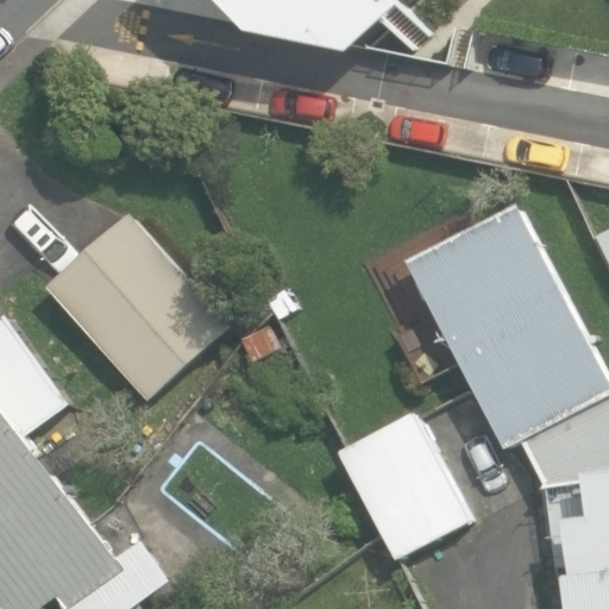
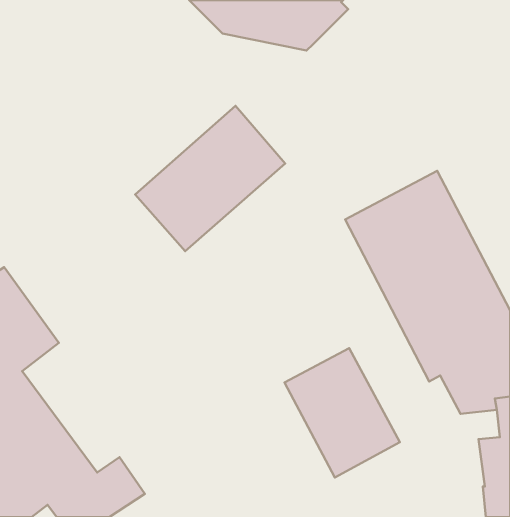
building: none -> [135,106,285,251]
building: [45,212,230,398] -> none

